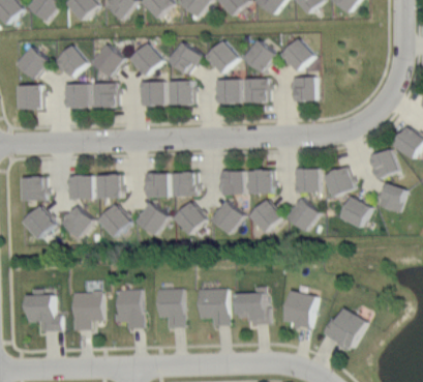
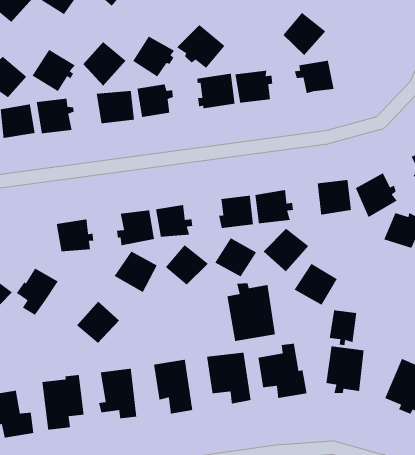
building: [242,38,277,72] -> none
building: [67,174,92,200] -> none
building: [285,198,320,231] -> [293,263,338,306]
building: [97,204,130,236] -> [76,301,120,344]
building: none -> [227,283,276,342]
building: none -> [329,309,357,346]

